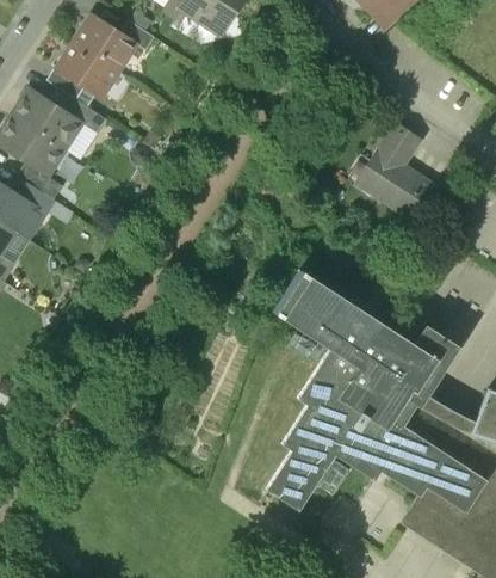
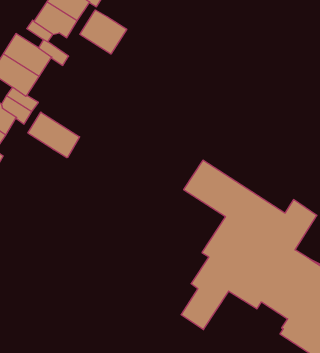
building: none -> [80,10,127,54]
building: [354,121,435,220] -> none
building: none -> [28,112,80,158]

